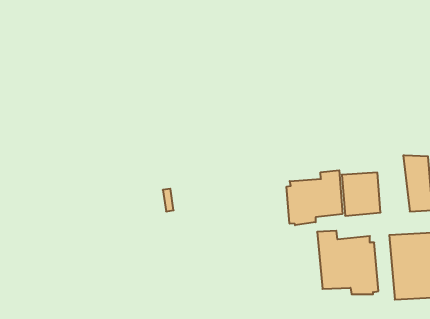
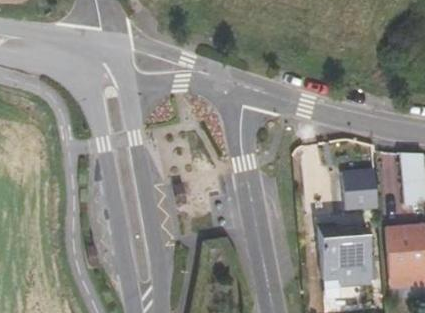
building: [287,170,342,225] -> none

